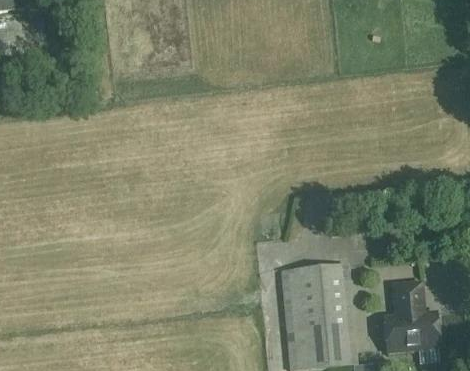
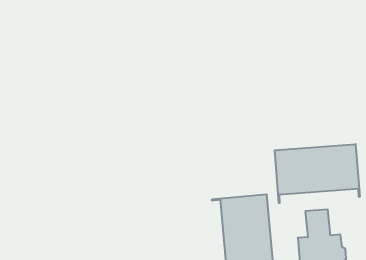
building: none -> [275,144,360,203]

